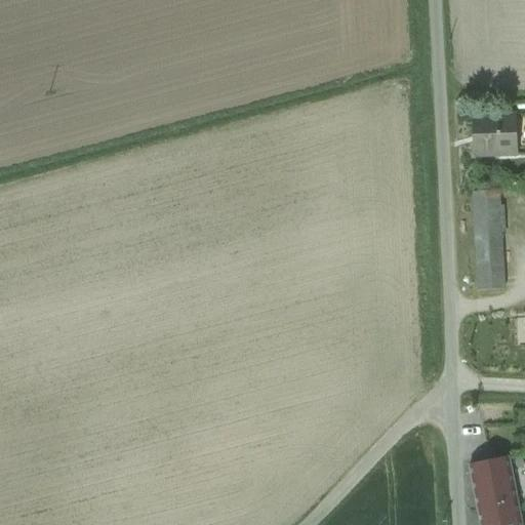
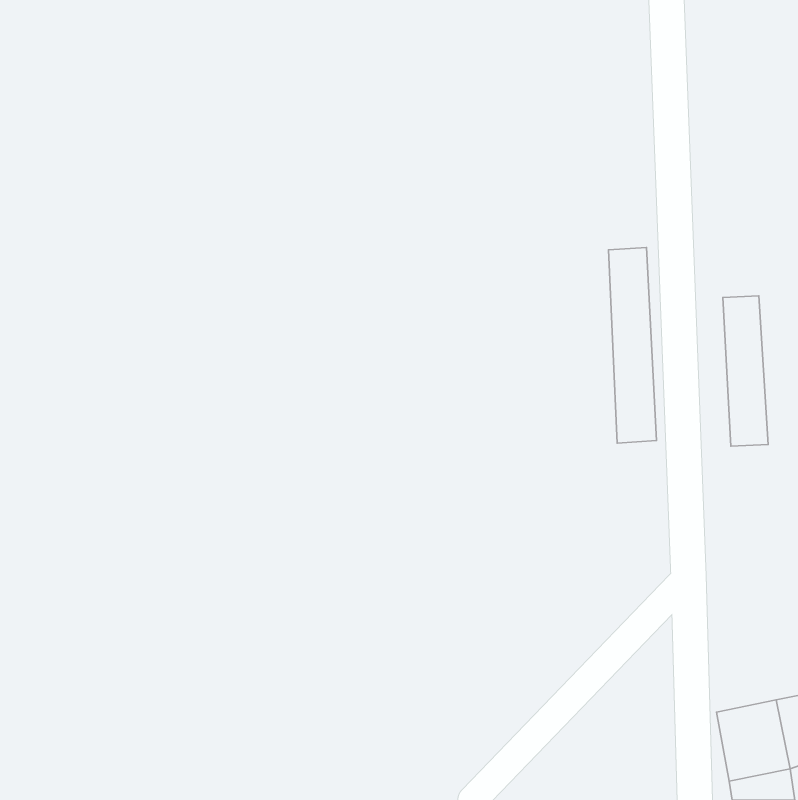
building: [474,118,519,157] -> none
building: none -> [609,247,657,443]

